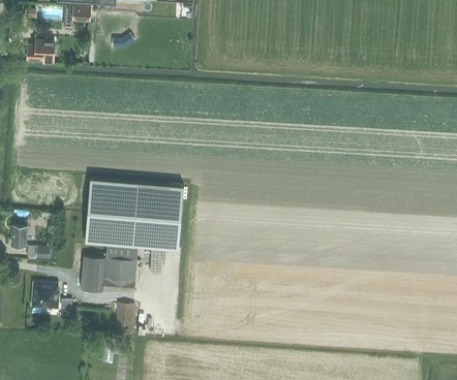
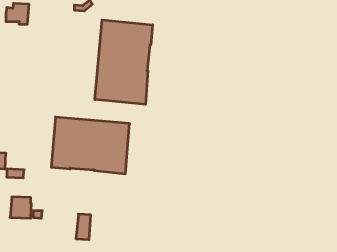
building: none -> [95,20,153,104]
building: [82,245,138,293] -> none

